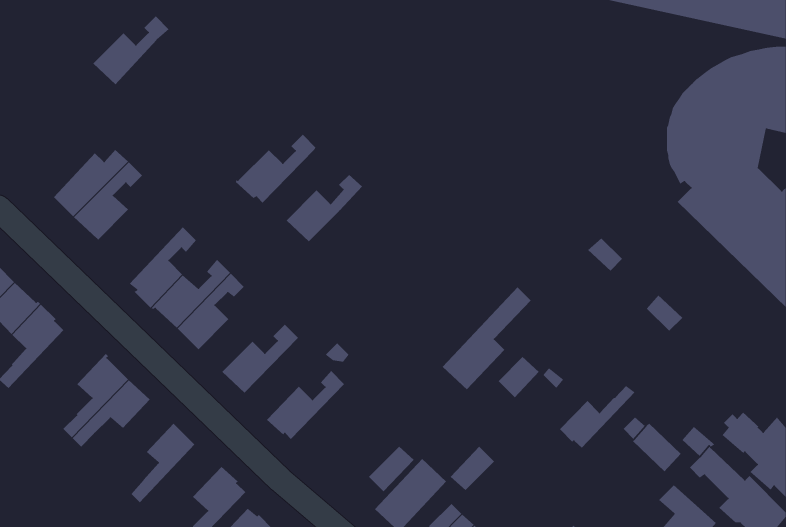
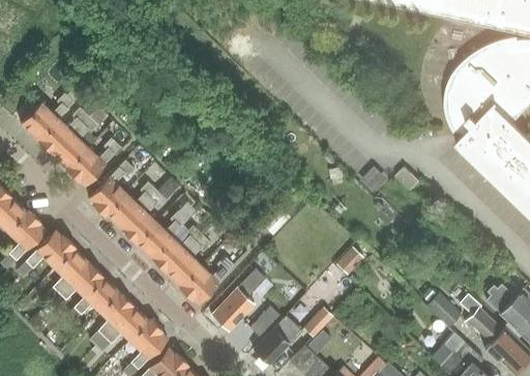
building: [92,16,170,85] -> [22,93,73,140]
building: [235,134,317,203] -> [65,138,120,184]
building: [286,174,363,242] -> [135,211,186,257]
building: [442,287,531,390] -> [211,261,271,330]
building: none -> [17,230,72,276]
building: none -> [166,234,211,289]
building: [559,385,635,449] -> none
building: none -> [65,276,118,322]
building: none -> [95,306,150,350]

